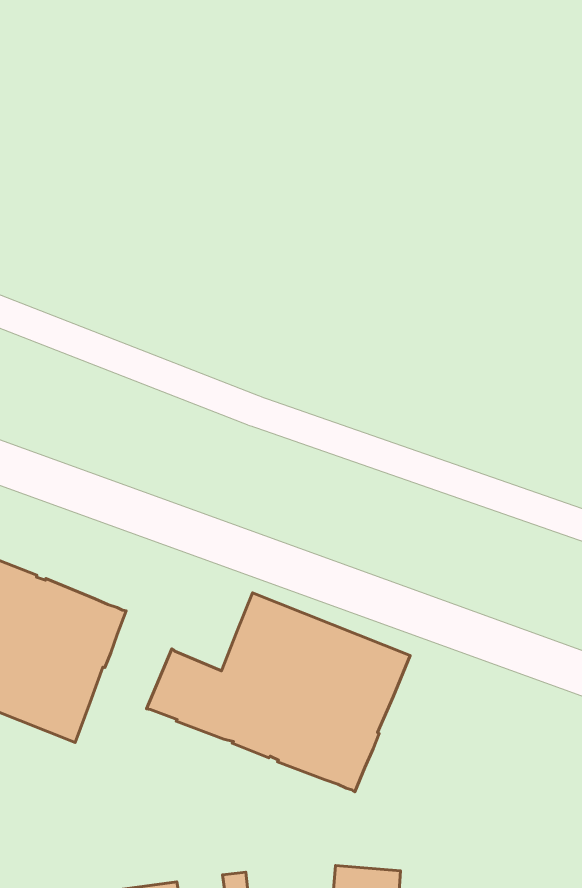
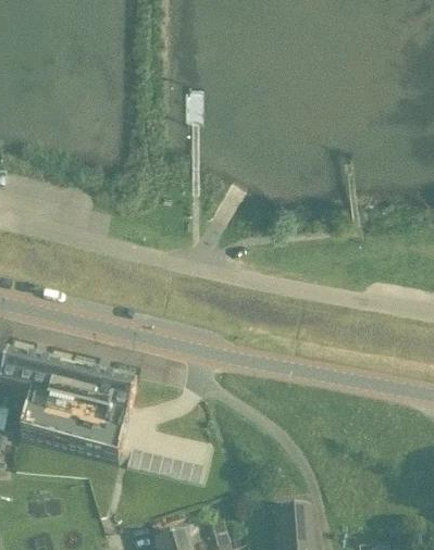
building: [146,593,410,792] -> none

